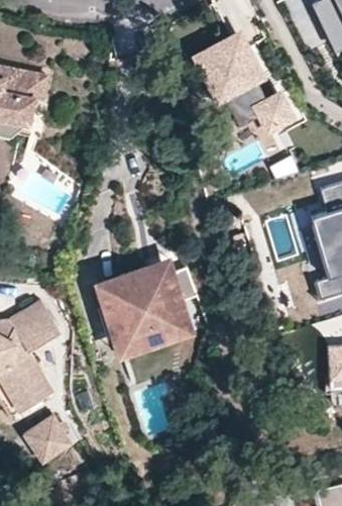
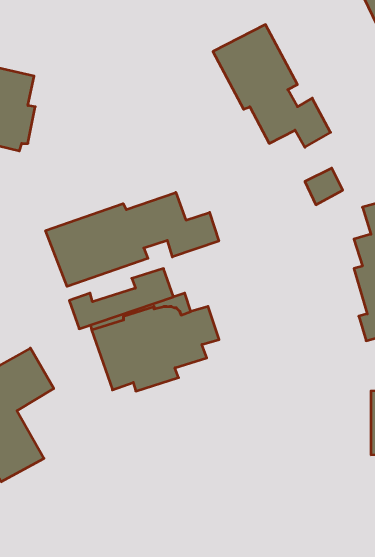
building: none -> [46,192,219,286]
building: [111,311,197,361] -> [69,269,173,329]
building: [24,413,72,460] -> none

